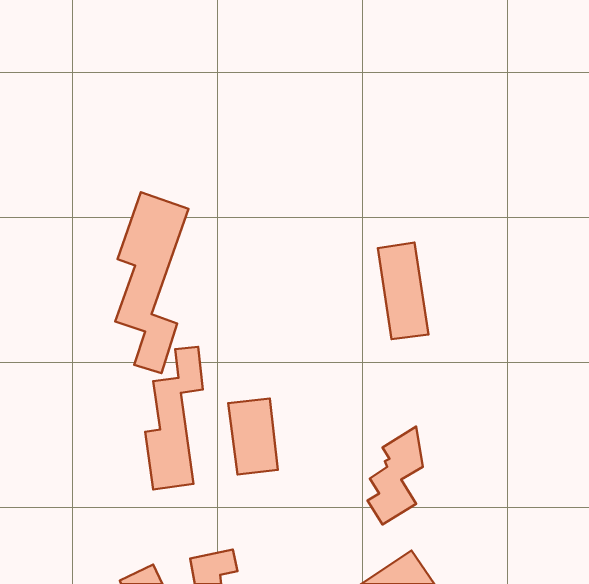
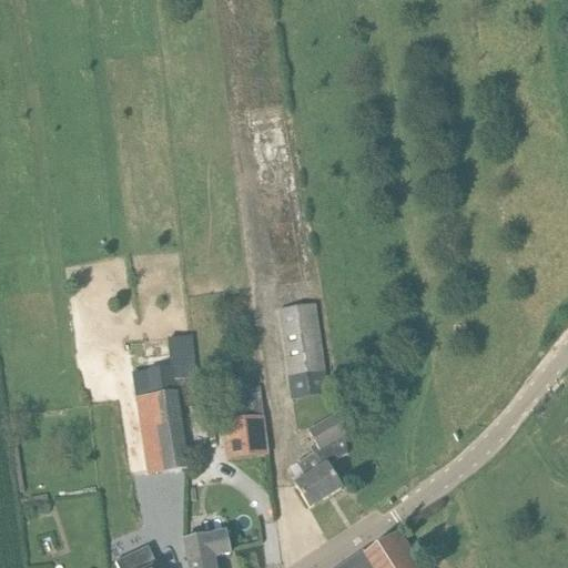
building: [115,192,188,373] -> none
building: [378,242,428,339] -> [278,303,327,396]
building: [368,427,423,525] -> [294,412,347,506]

